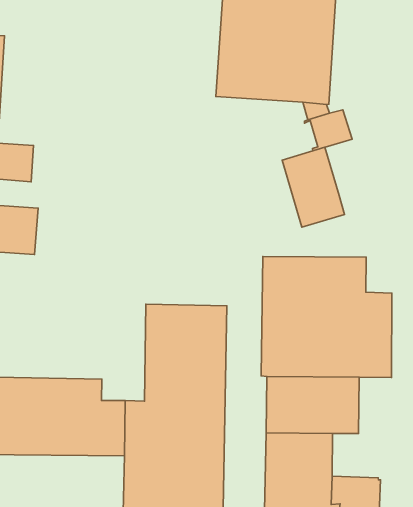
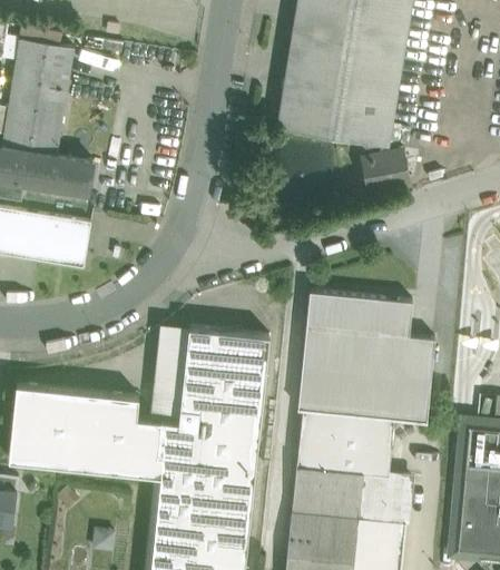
building: [282,147,345,227] -> none
building: none -> [150,326,189,425]
building: none -> [359,474,411,522]

